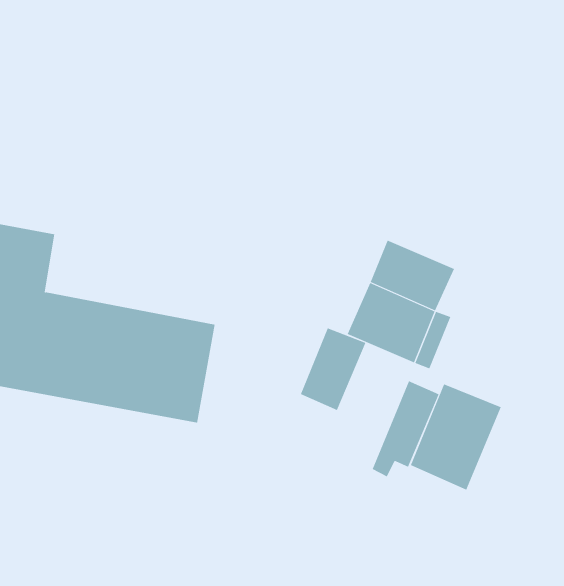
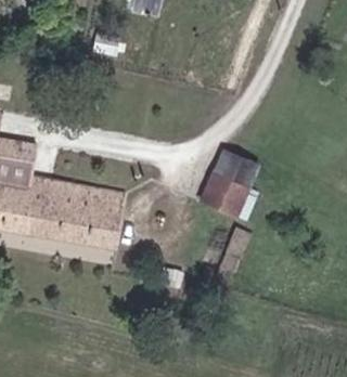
building: [300,327,366,411] -> none
building: [410,384,502,491] -> none

